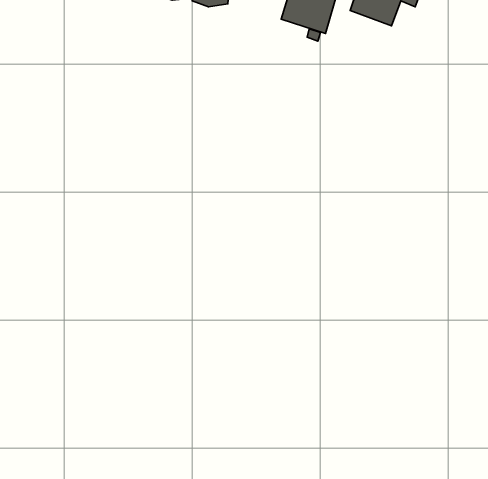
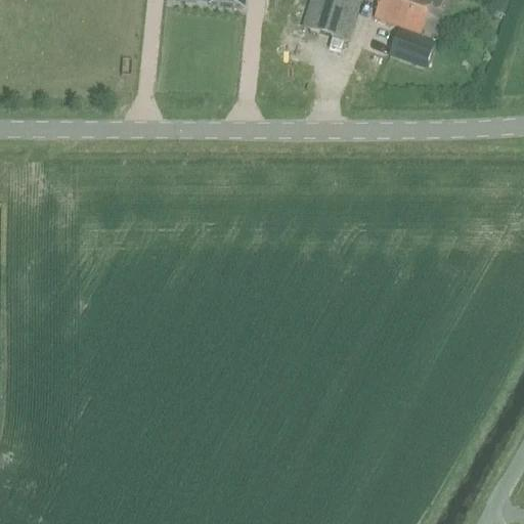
building: none -> [390,26,435,63]

